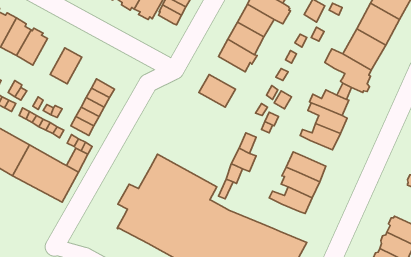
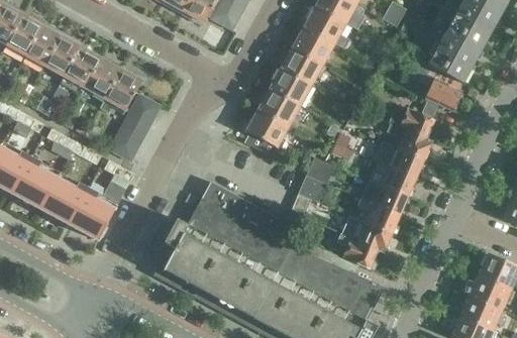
building: none -> [60,46,101,95]
building: none -> [271,68,313,106]
building: none -> [104,69,141,111]
building: none -> [243,110,290,155]
building: none -> [370,160,416,197]
building: none -> [336,233,378,269]

